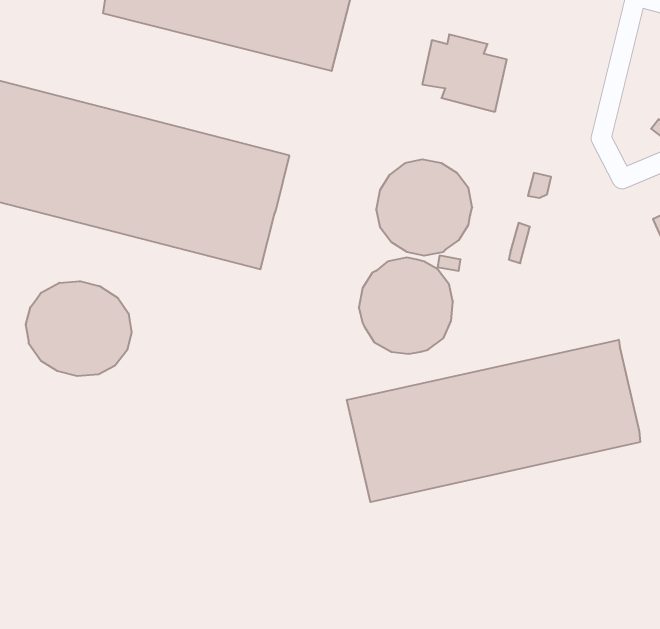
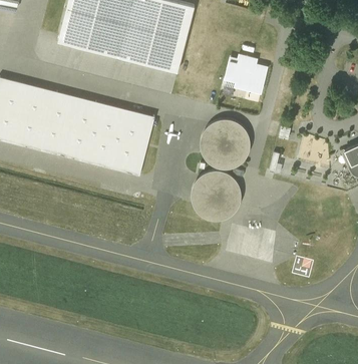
building: [26,281,132,376] -> none
building: [347,340,640,502] -> none

